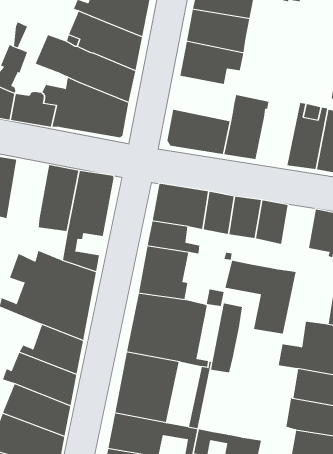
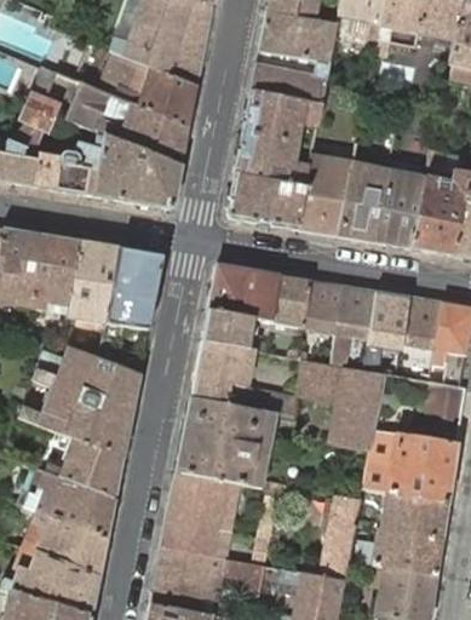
building: none -> [234,132,309,188]
building: none -> [337,149,391,242]
building: none -> [30,235,81,310]
building: none -> [368,291,409,349]
building: [210,303,243,373] -> [321,494,361,580]

